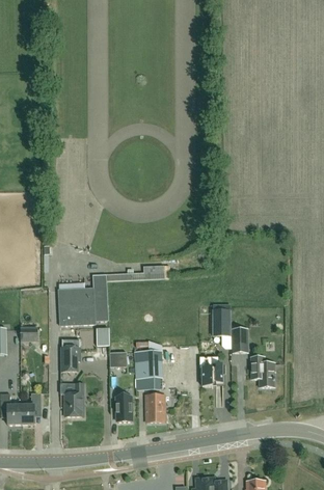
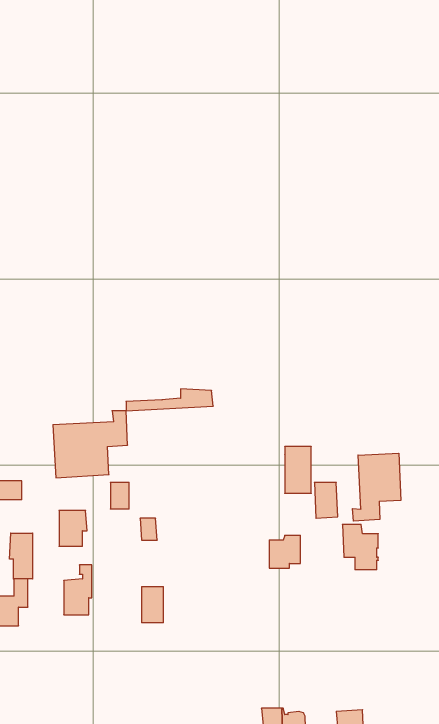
building: none -> [352,453,401,521]
building: [133,352,162,389] -> none
building: none -> [10,533,33,579]
building: [145,394,164,421] -> none

